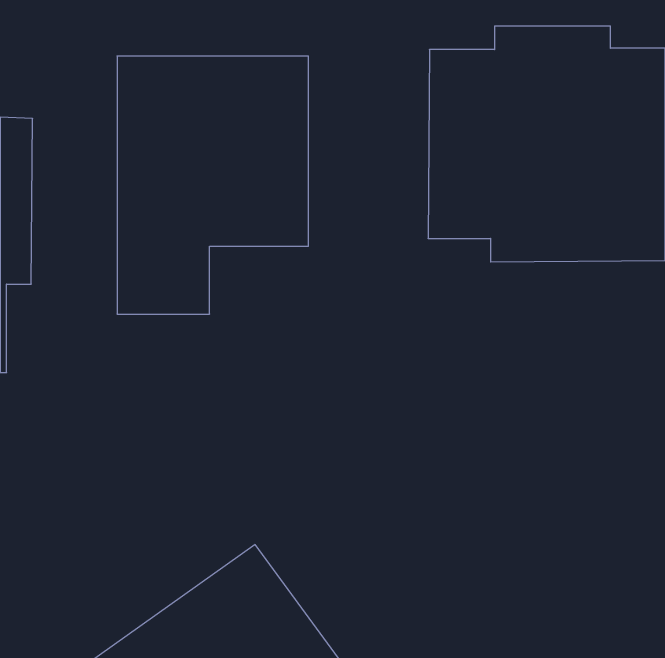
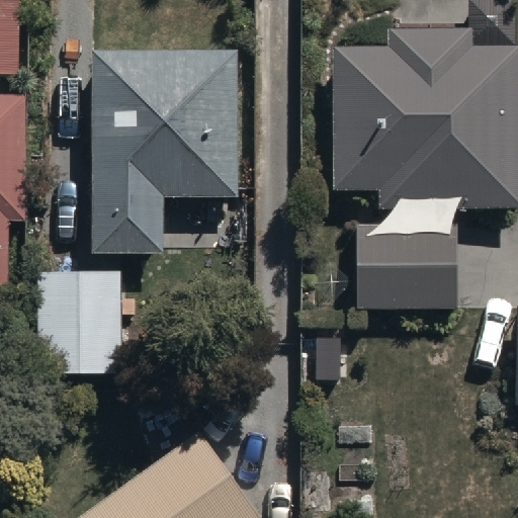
building: none -> [349,222,456,312]
building: none -> [34,272,123,378]

